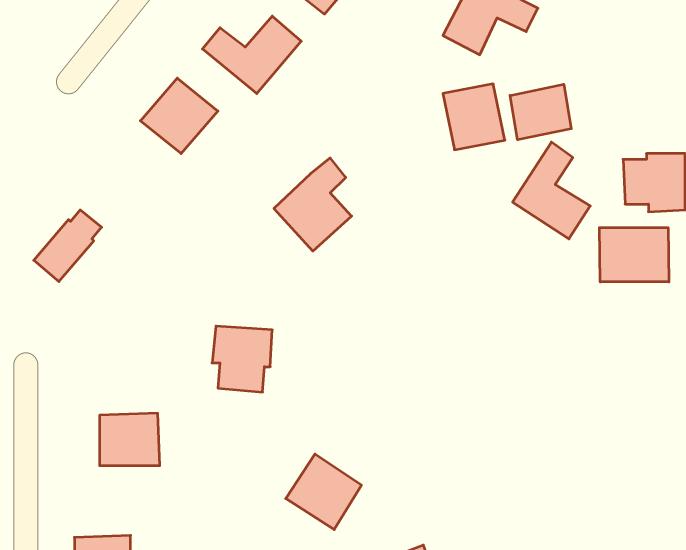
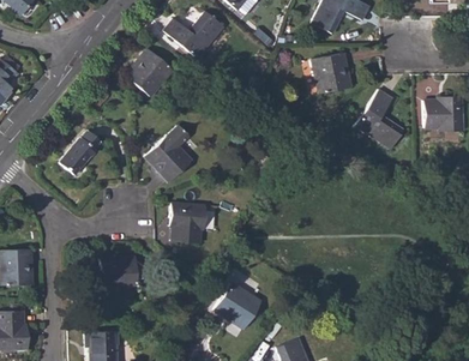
building: [510,84,571,140] -> none
building: [274,158,352,251] -> [145,125,193,182]
building: [599,228,669,282] -> none

